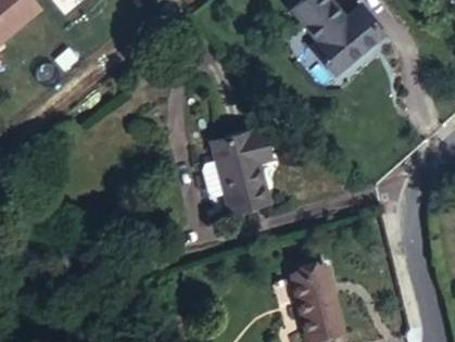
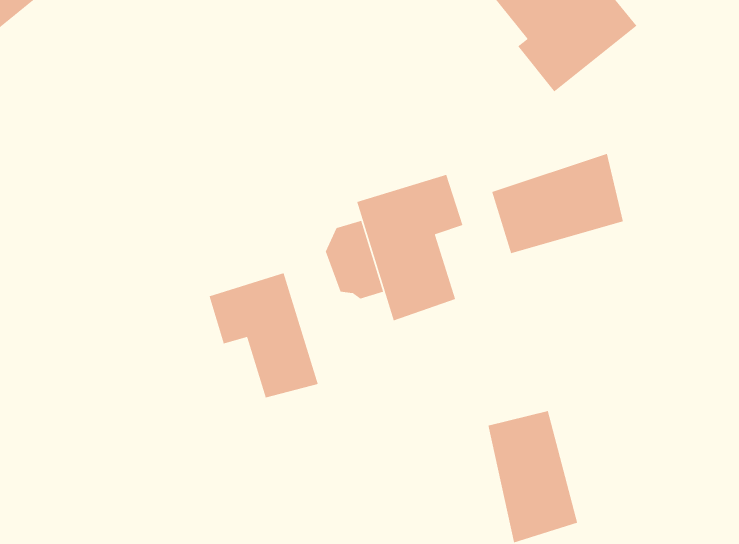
building: none -> [491,153,624,254]
building: none -> [209,272,319,399]

